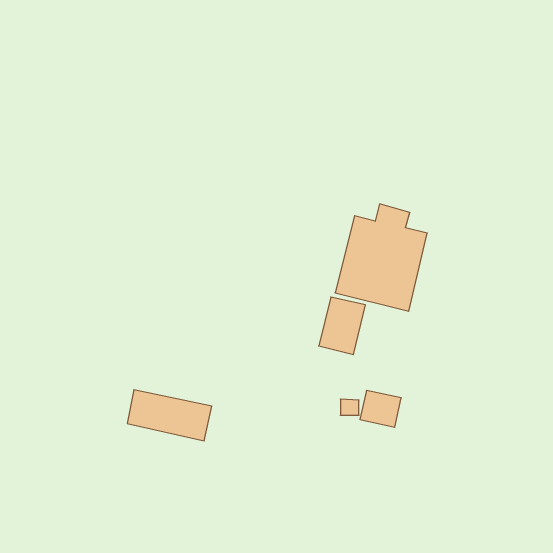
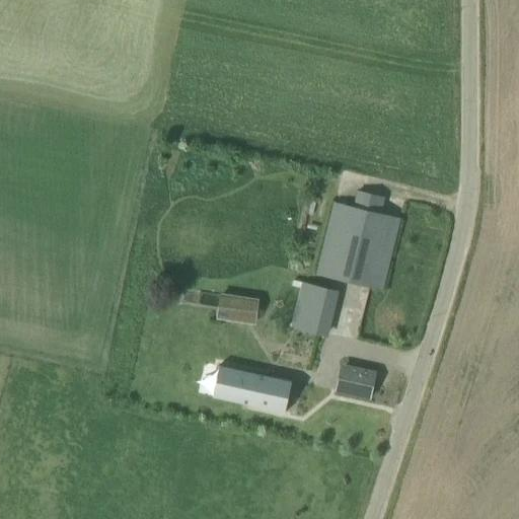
building: none -> [217,294,248,323]
building: [127,390,212,441] -> [213,366,292,414]

